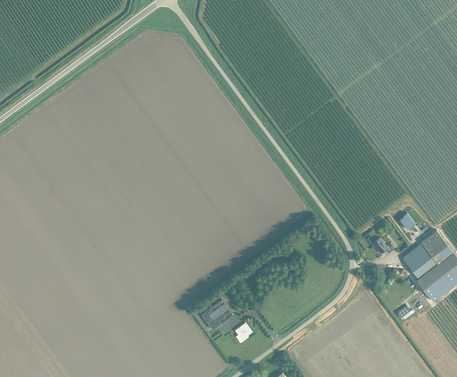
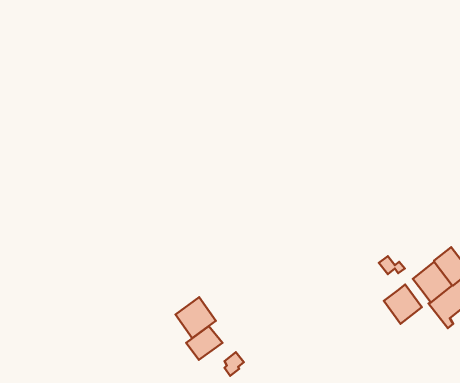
building: none -> [384,285,422,324]
building: none -> [175,297,216,338]

